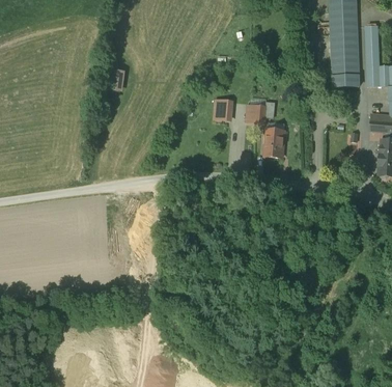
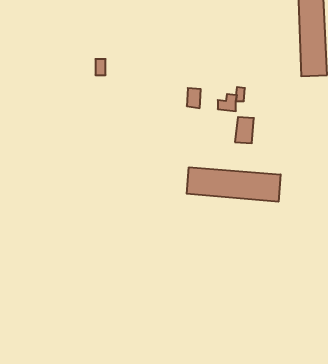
building: none -> [187,167,281,202]

